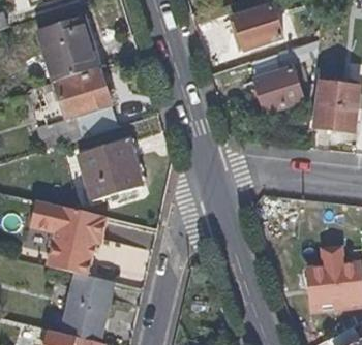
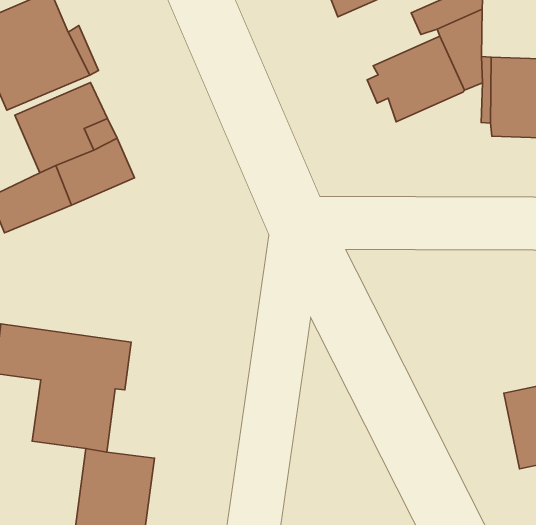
building: [78,138,142,200] -> none

